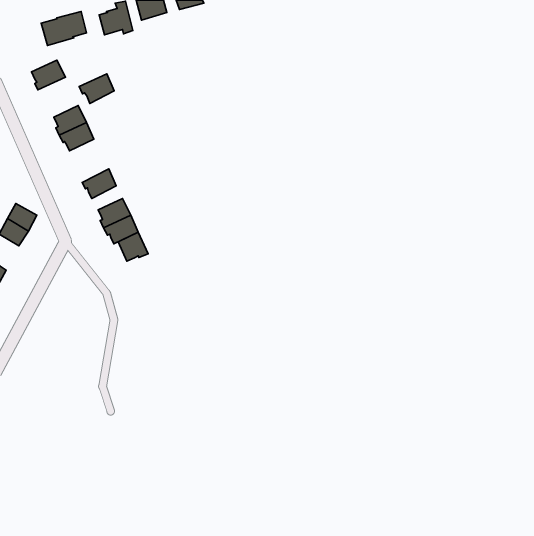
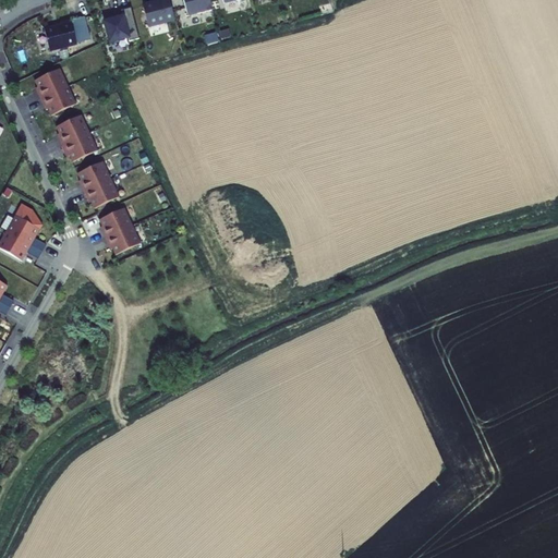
building: [79,74,114,103] -> [39,83,75,113]
building: none -> [78,160,112,192]
building: [118,232,148,261] -> none

